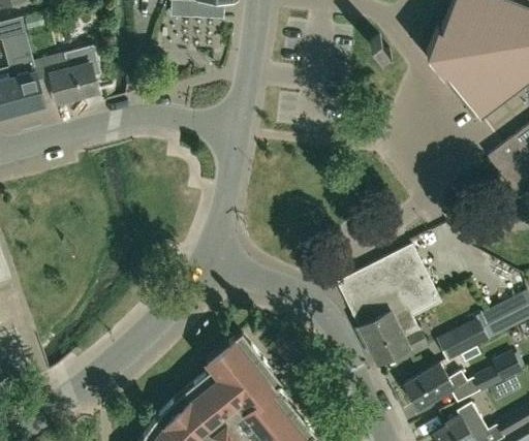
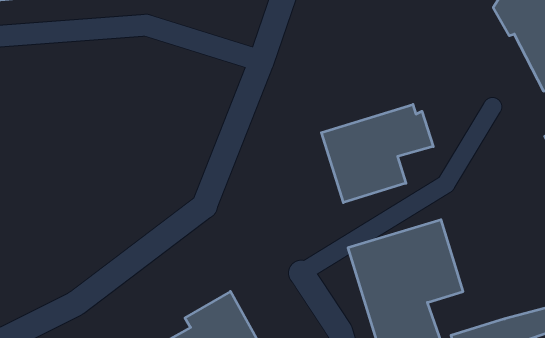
building: none -> [321,104,433,203]

